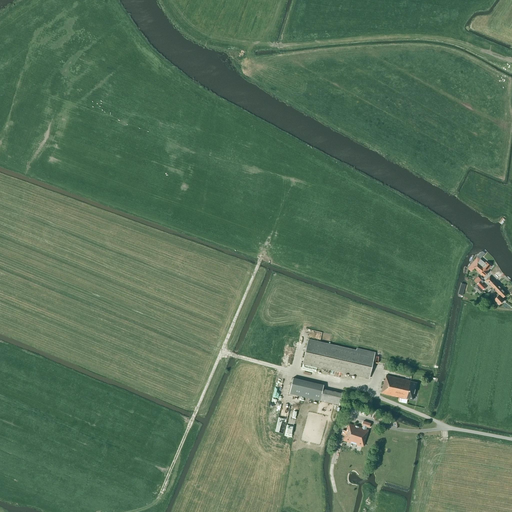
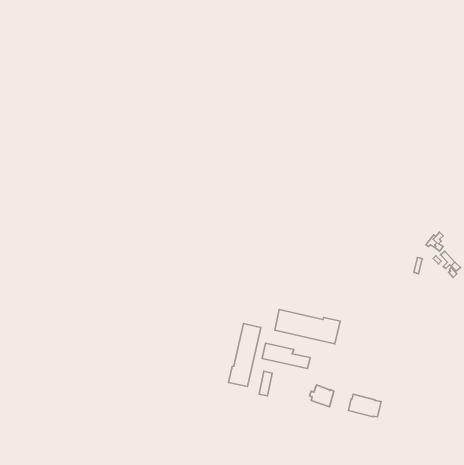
building: none -> [229,323,261,386]
building: [380,375,416,400] -> [348,394,381,417]

